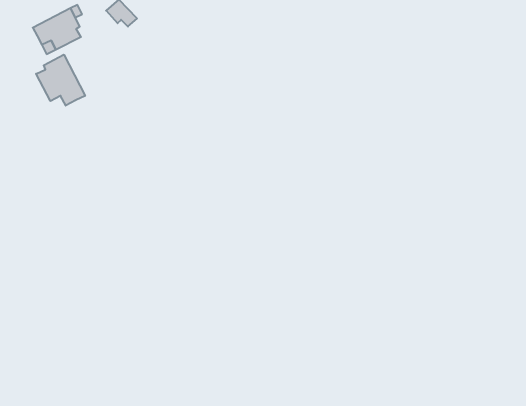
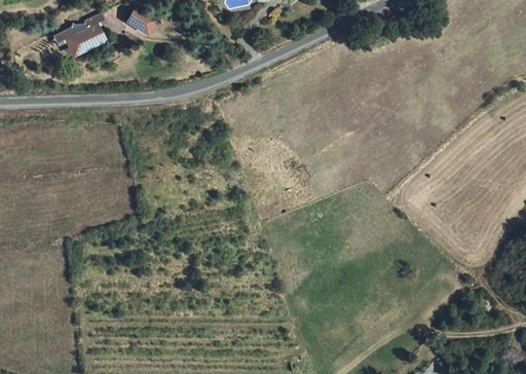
building: [36,55,85,106] -> none

